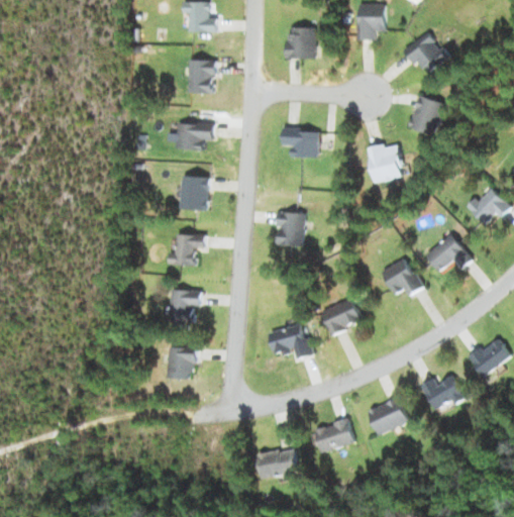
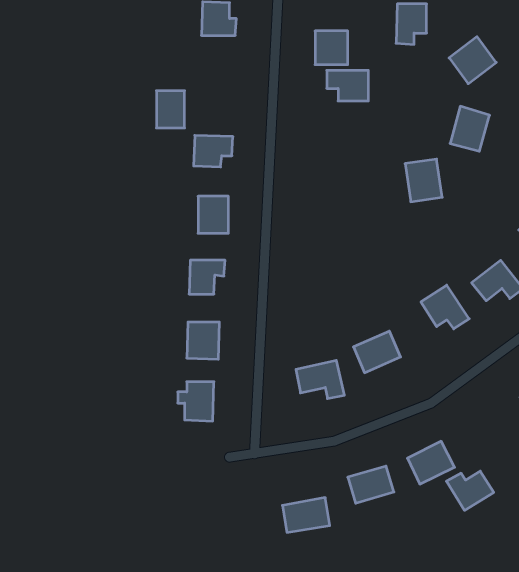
building: [188,61,213,94] -> [156,91,185,128]
building: [281,130,318,158] -> [327,70,368,101]
building: [276,212,303,245] -> none
building: [422,376,465,411] -> [446,471,494,510]

